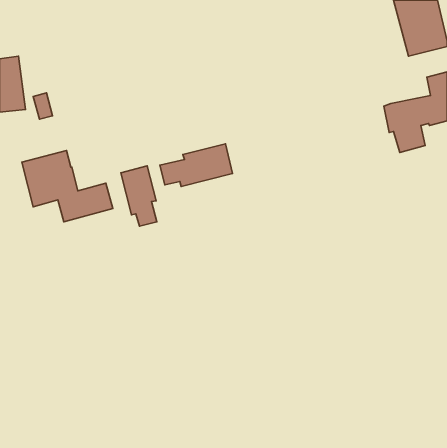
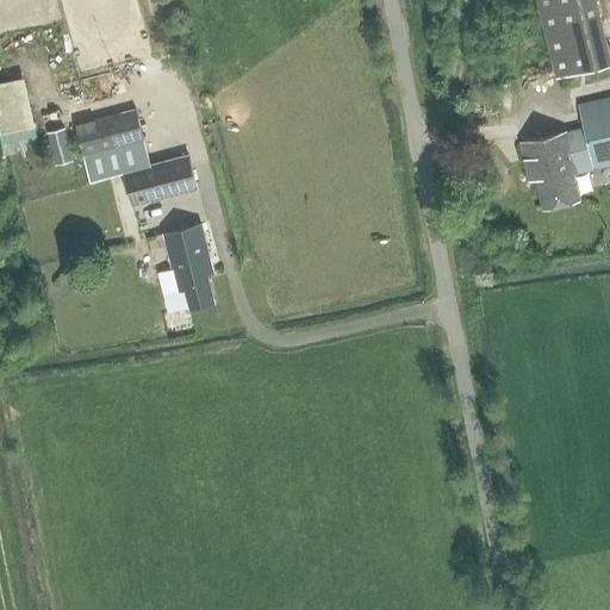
building: [160,144,232,186] -> none
building: [22,151,113,222] -> [74,110,198,206]

